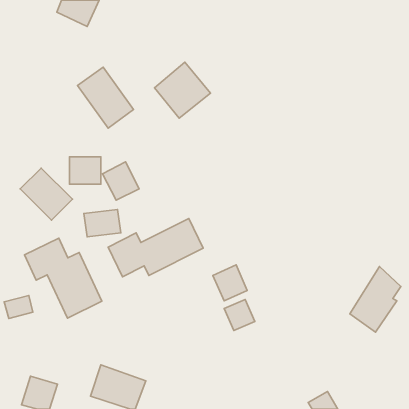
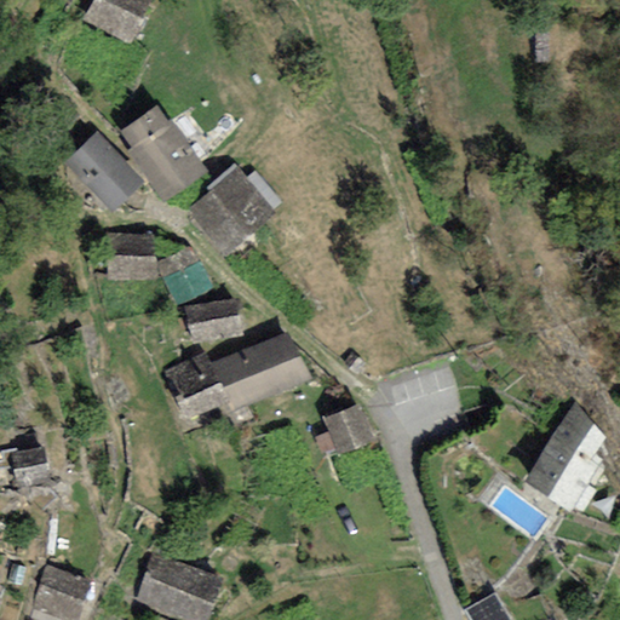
building: [154,62,210,118] -> [189,166,274,251]
building: [20,168,72,220] -> [65,131,144,209]
building: [84,210,121,237] -> [186,299,242,340]
building: [25,238,102,318] -> none
building: [224,299,255,330] -> none

